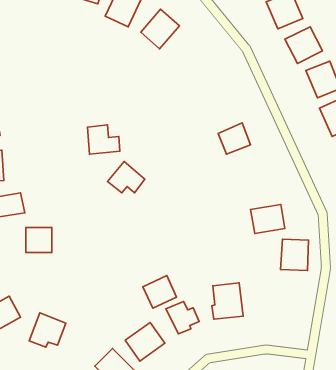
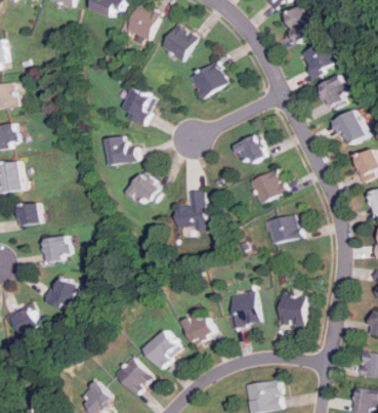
building: none -> [186,61,225,98]
building: none -> [123,87,154,124]
building: none -> [249,170,285,202]
building: none -> [174,191,204,230]
building: [280,239,309,271] -> [276,294,303,325]
building: [143,276,177,308] -> none
building: [29,313,66,347] -> [45,275,81,308]

